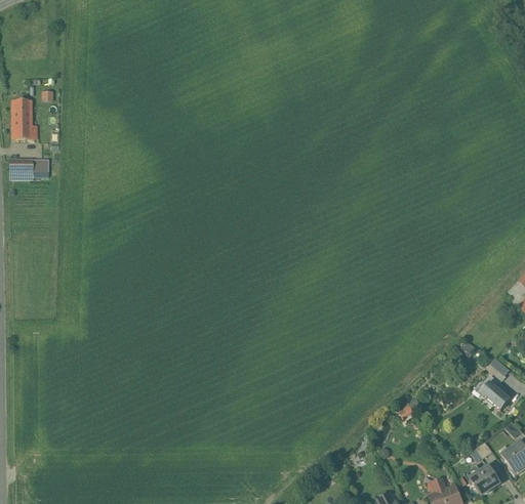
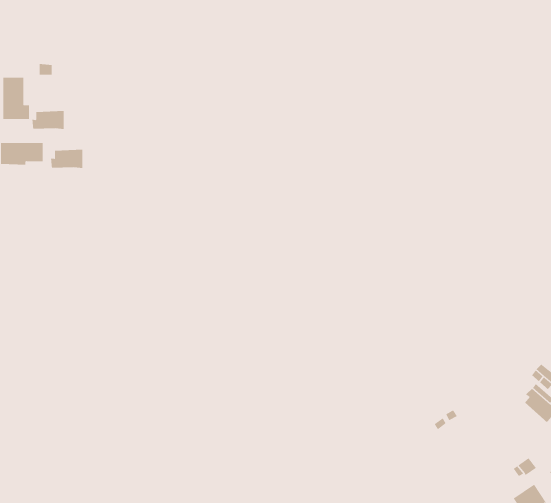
building: none -> [32,110,64,130]
building: none -> [51,149,83,169]

